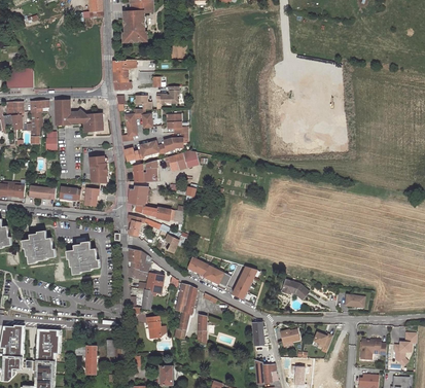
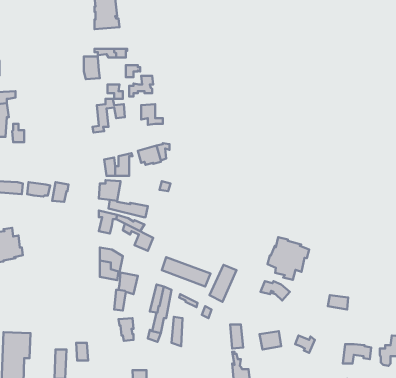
building: [55,100,103,133] -> none
building: [125,132,188,161] -> none
building: [90,156,108,184] -> none
building: none -> [267,237,309,280]
building: [67,242,100,274] -> none

